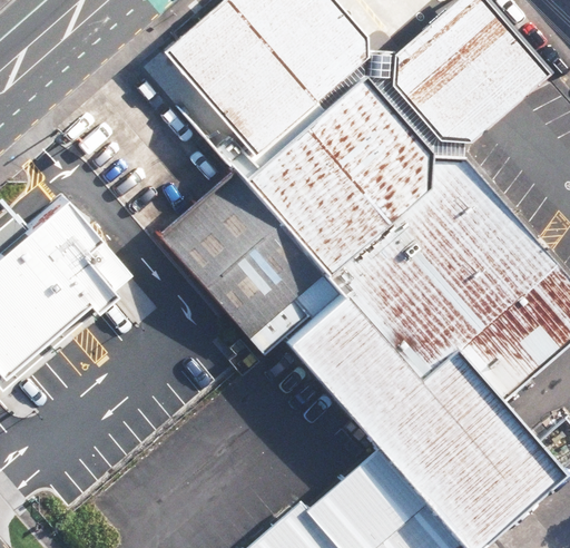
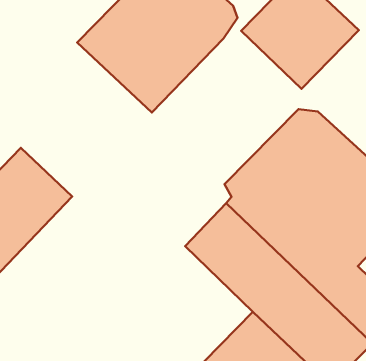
building: [252,82,445,274] -> none
building: [163,169,338,356] -> none

